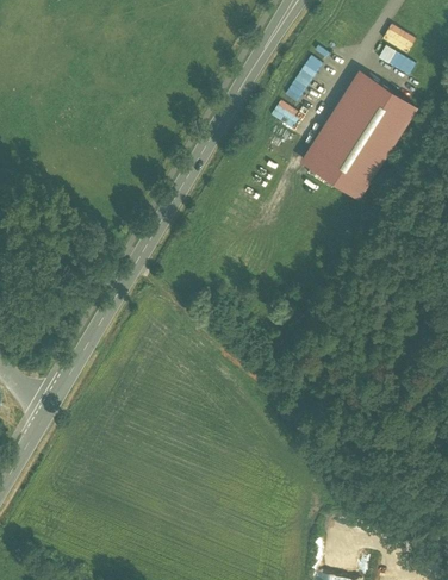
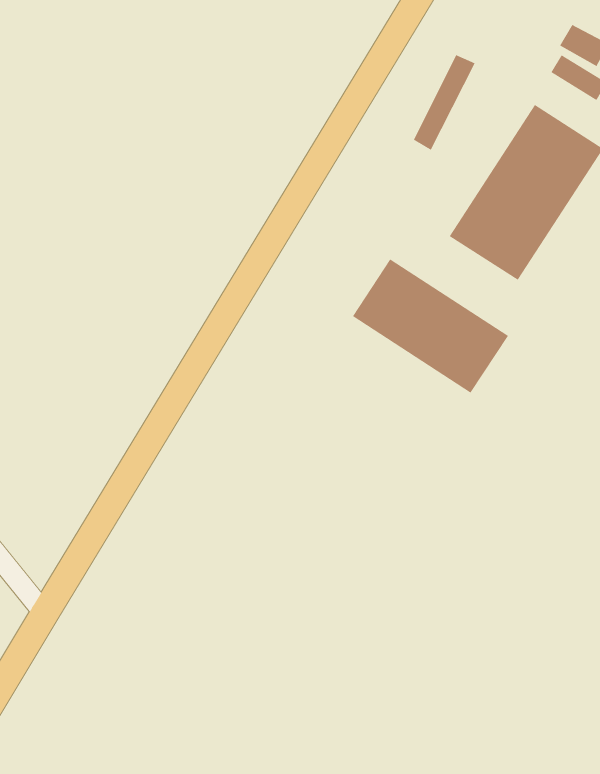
building: none -> [352,259,509,393]

